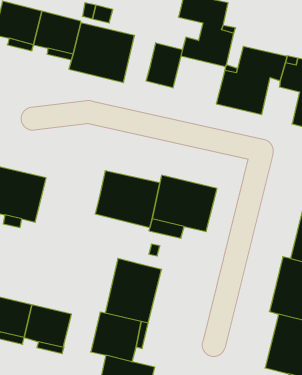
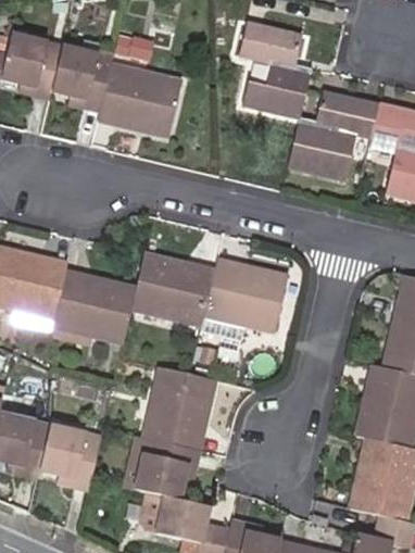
building: [146,43,182,88] -> none
building: none -> [51,271,136,345]

